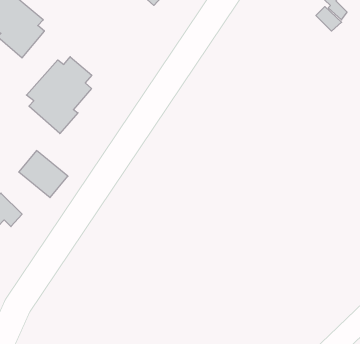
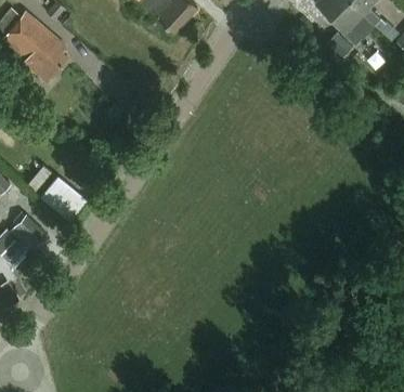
building: [26,57,92,134] -> none

